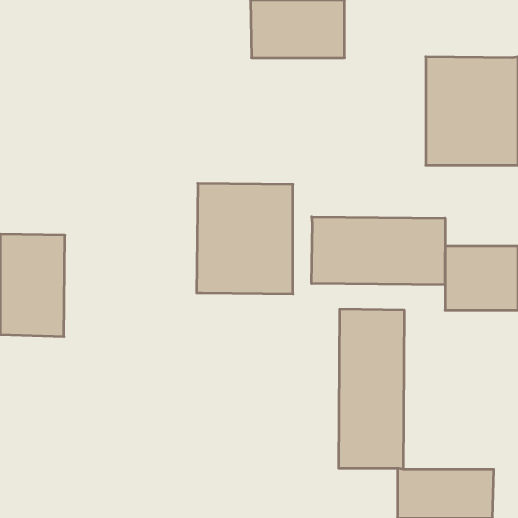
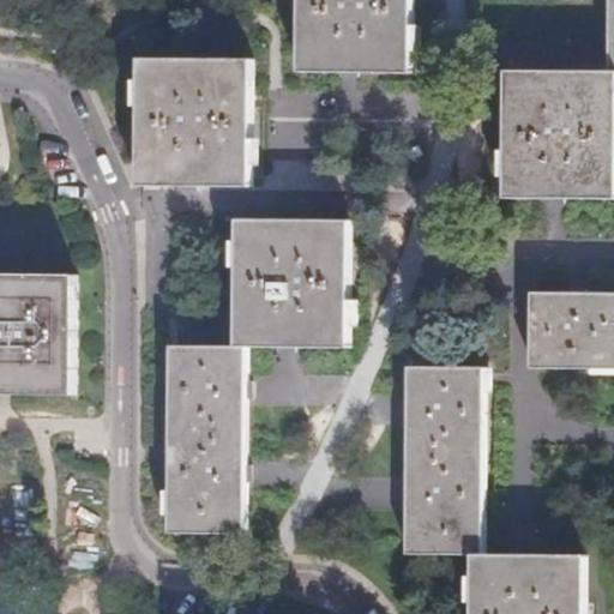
building: none -> [133,56,247,185]
building: [312,217,445,285] -> none
building: none -> [162,347,239,534]

